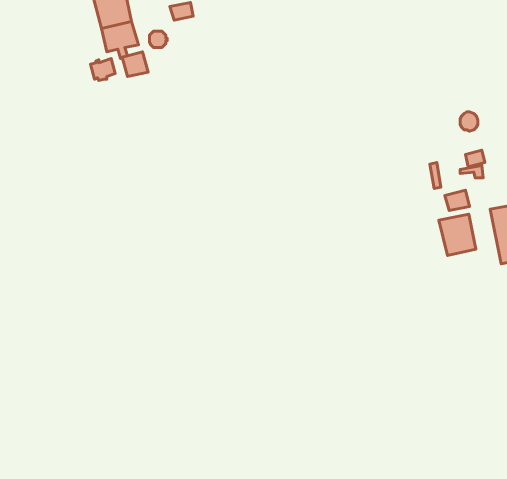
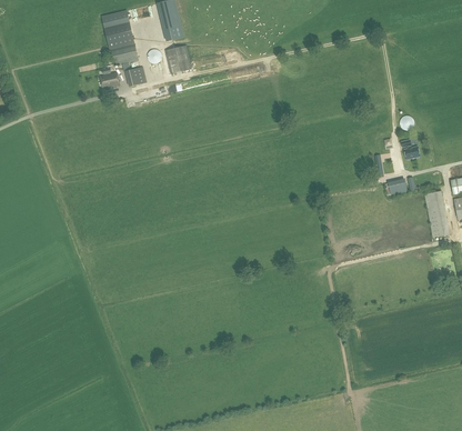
building: none -> [165,43,191,71]
building: [439,214,476,256] -> none

